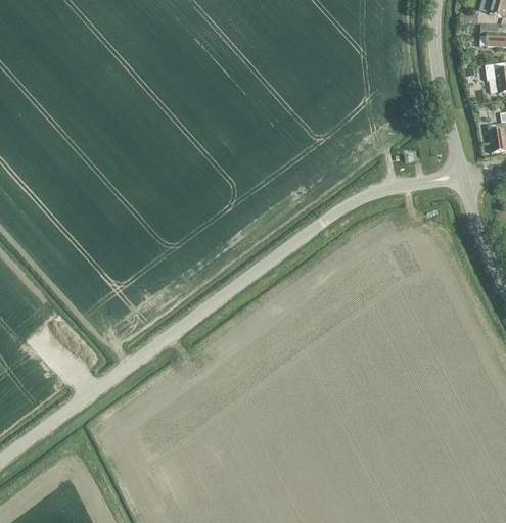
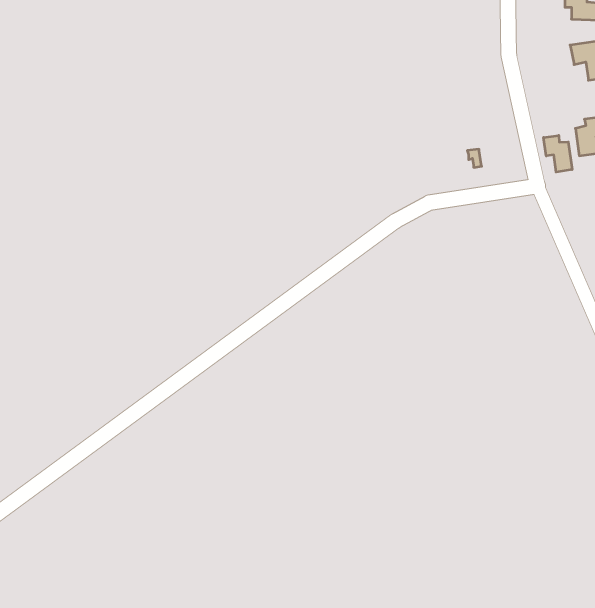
building: none -> [544,135,572,172]

